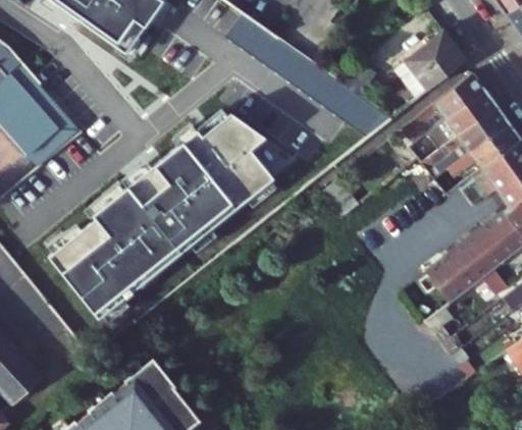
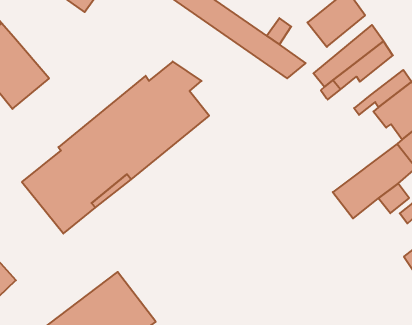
building: [436,106,508,160] -> none

